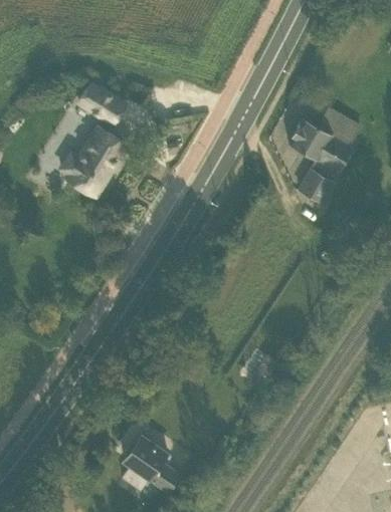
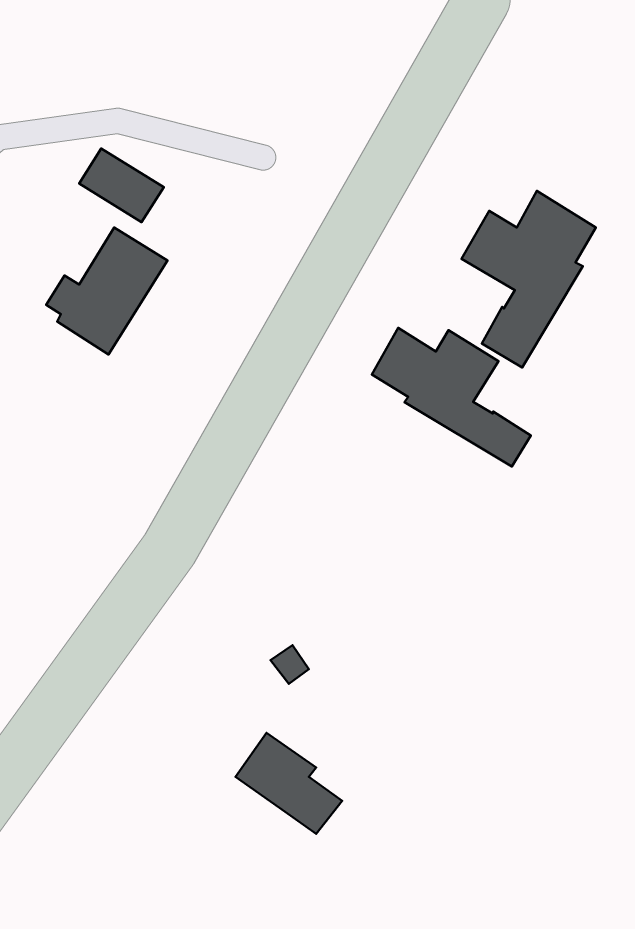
building: none -> [372,328,531,466]
building: [123,437,181,492] -> [235,733,342,834]

